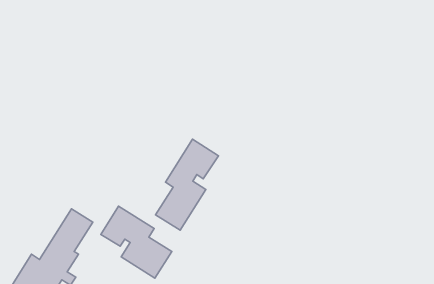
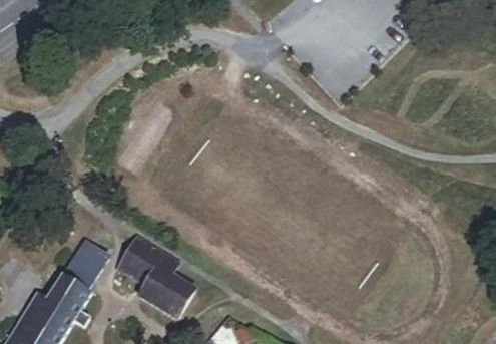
building: [156,139,218,230] -> none

